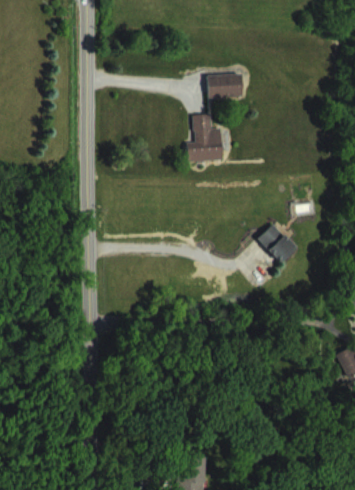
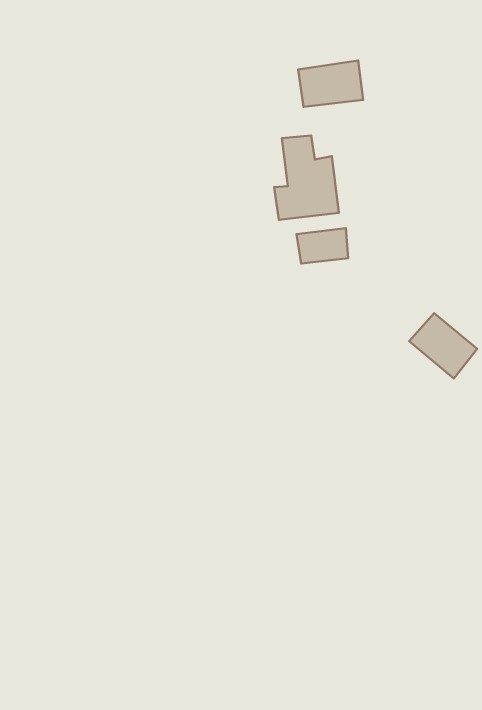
building: none -> [297,228,348,264]

